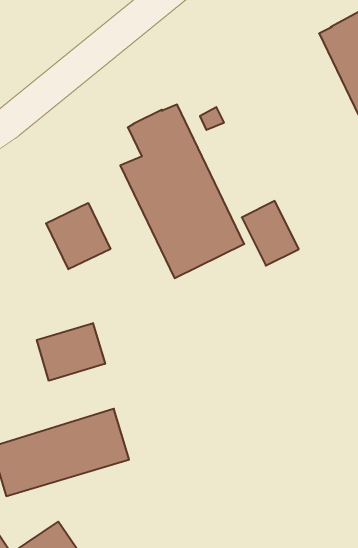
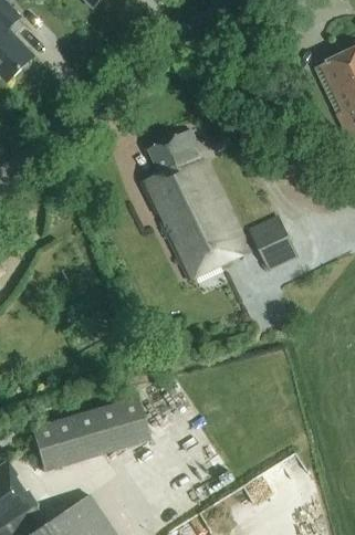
building: [46,203,110,269] -> none
building: [37,323,105,381] -> none

